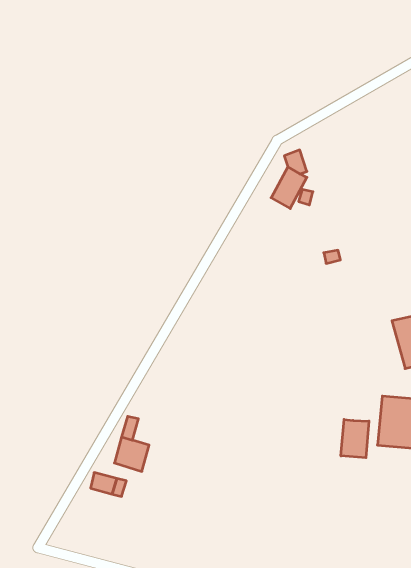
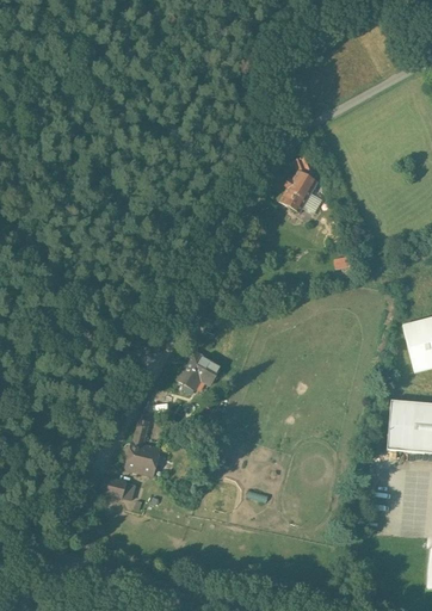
building: none -> [177,350,222,388]
building: [341,419,369,458] -> none

